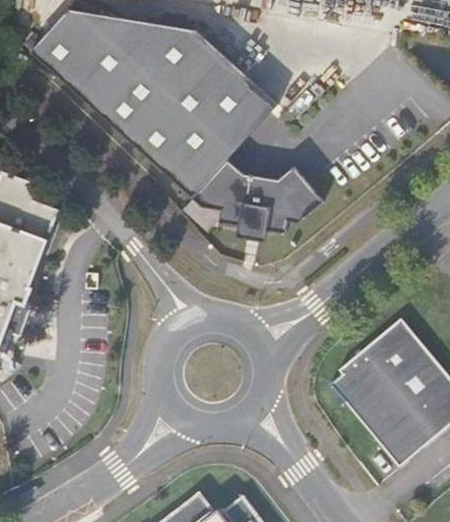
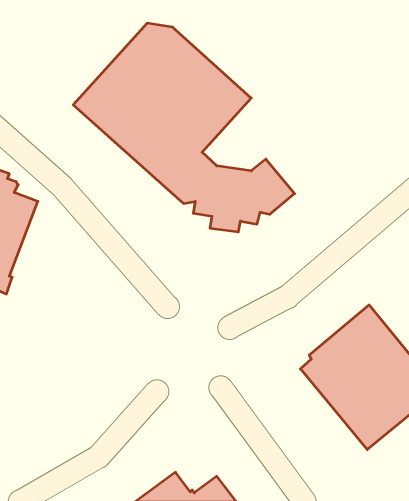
building: [29,8,169,110] -> none

